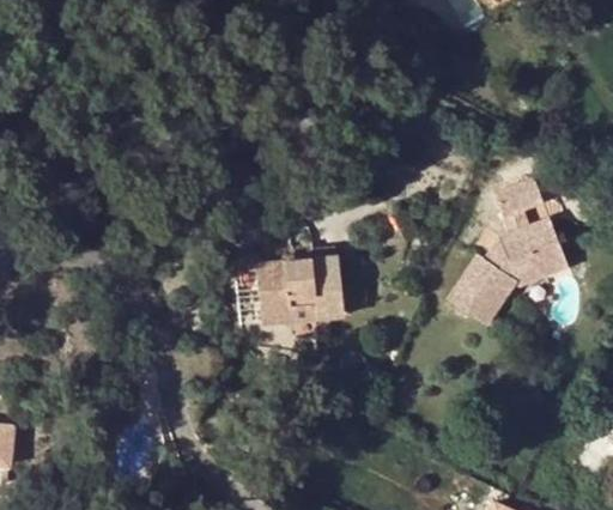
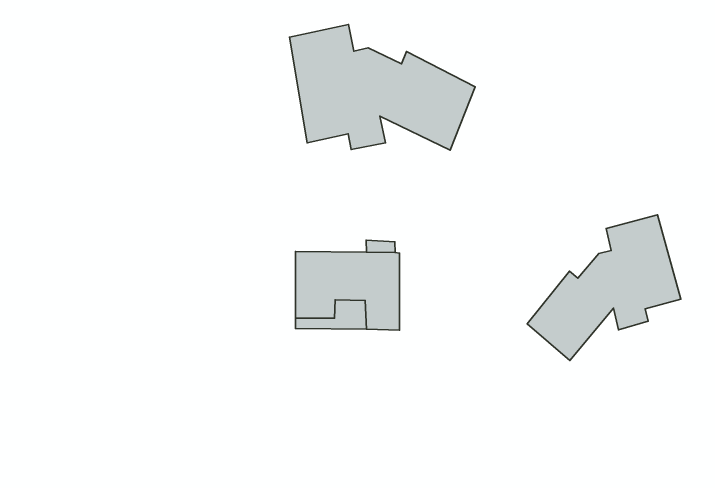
building: none -> [290,24,475,150]
building: [492,178,541,218] -> none

